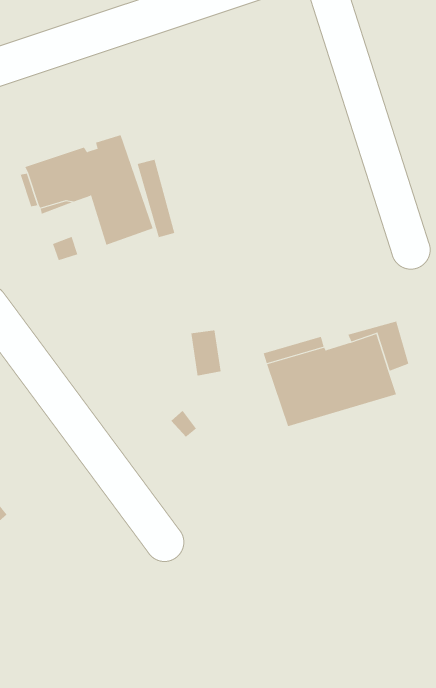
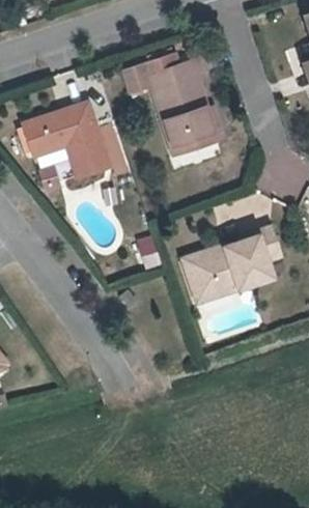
building: none -> [123,53,221,157]

